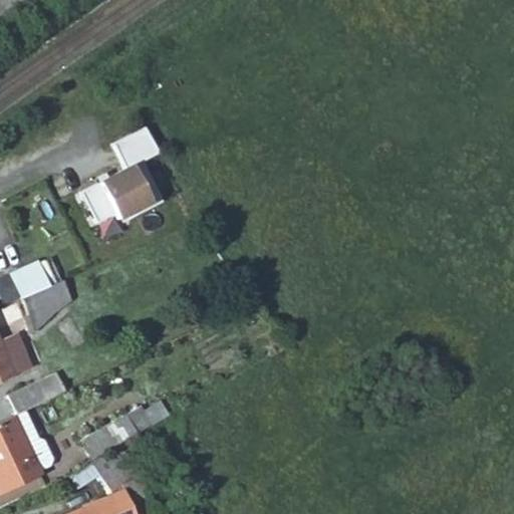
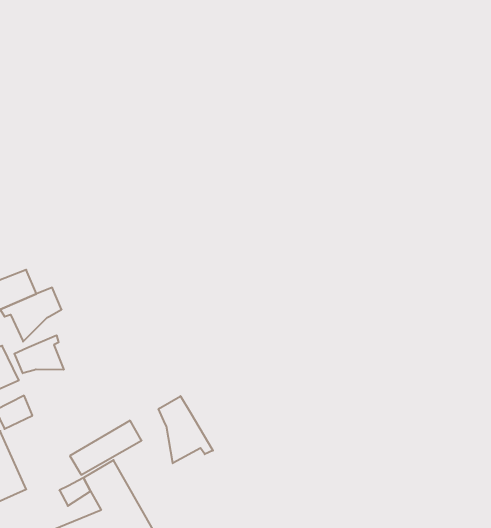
building: [78,130,158,226] -> none
building: none -> [14,335,64,373]
building: none -> [159,396,213,463]

